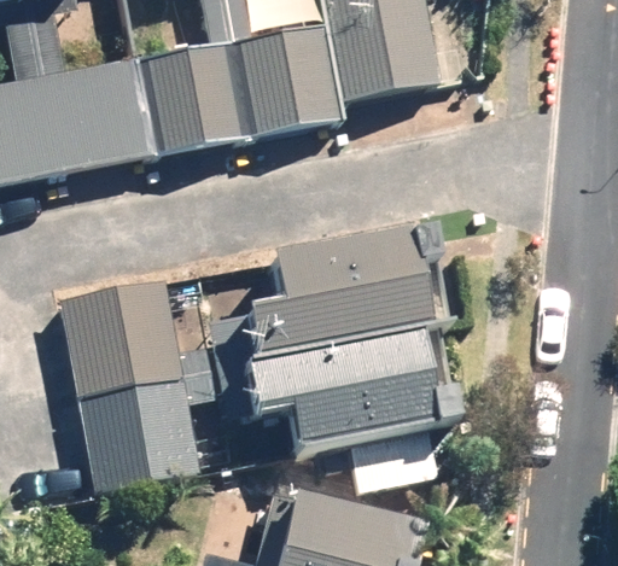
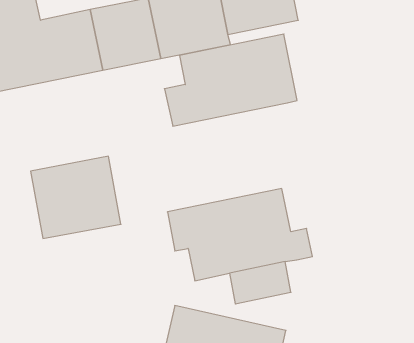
building: [243,222,436,356] -> [164,34,297,126]
building: [74,374,206,492] -> none

